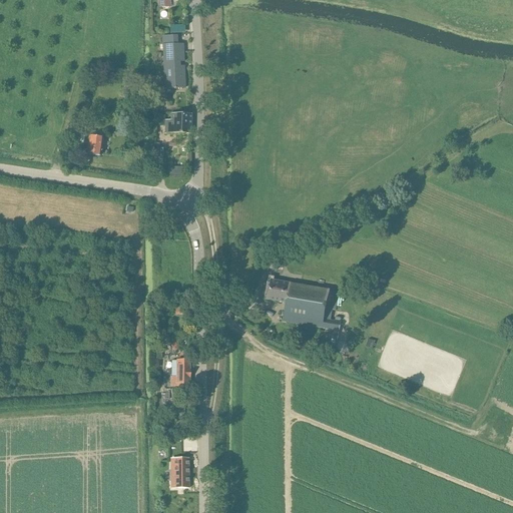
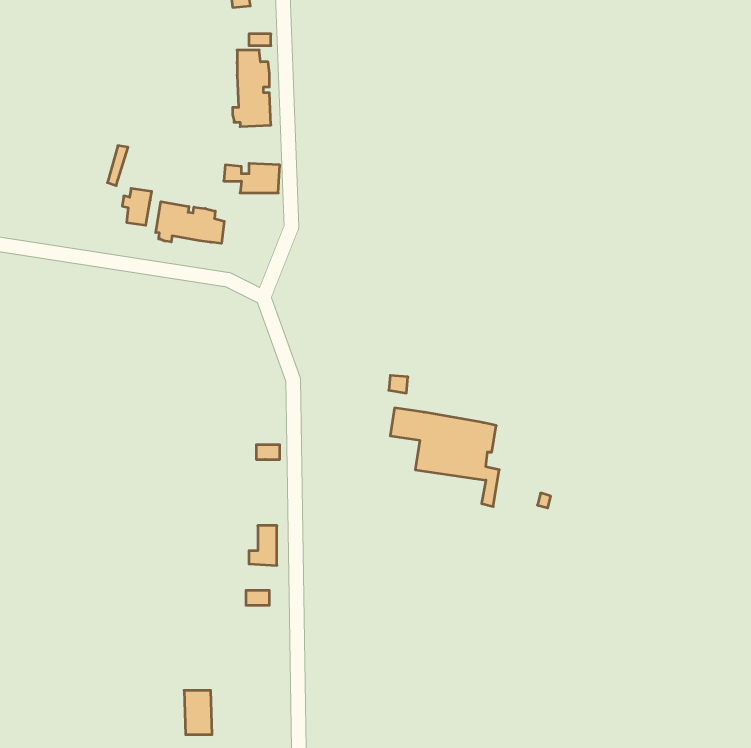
building: none -> [156,202,224,243]
building: [170,456,189,486] -> [184,690,212,735]

